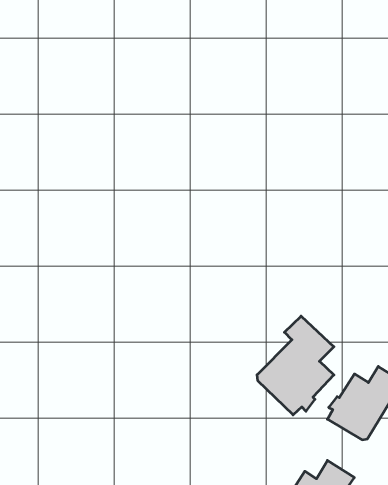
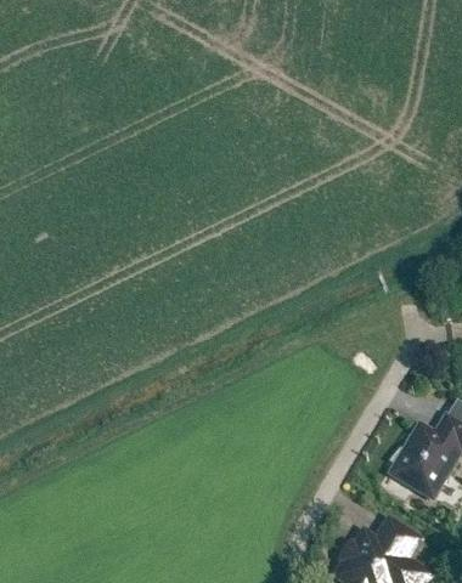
building: [257,316,334,415] -> none

